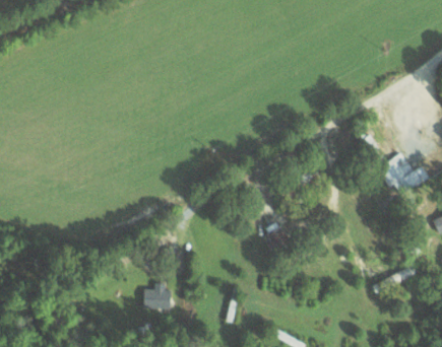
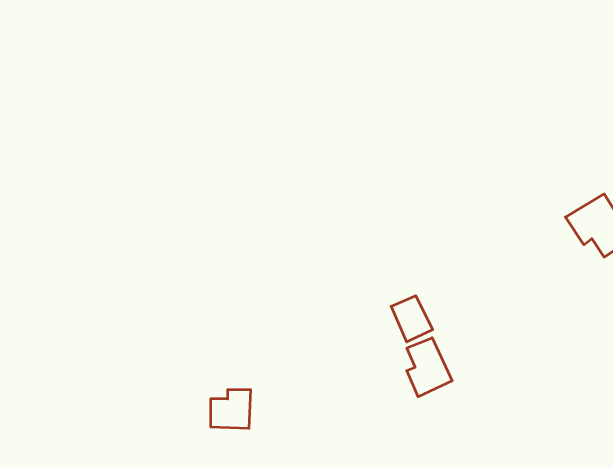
building: none -> [407,338,452,397]

